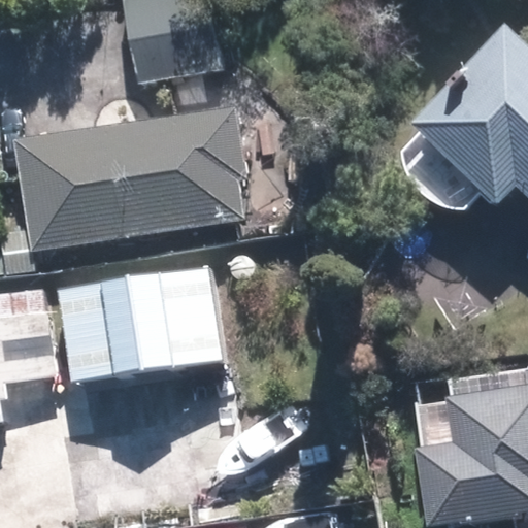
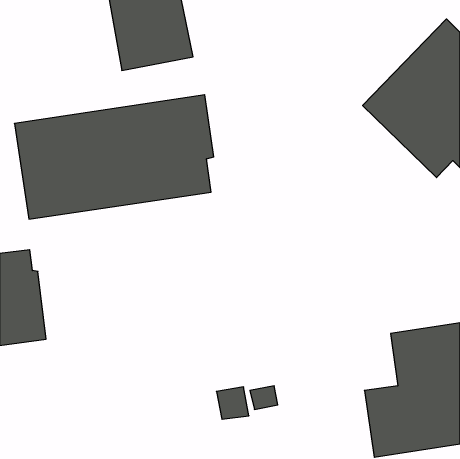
building: [57,267,221,376] -> none

